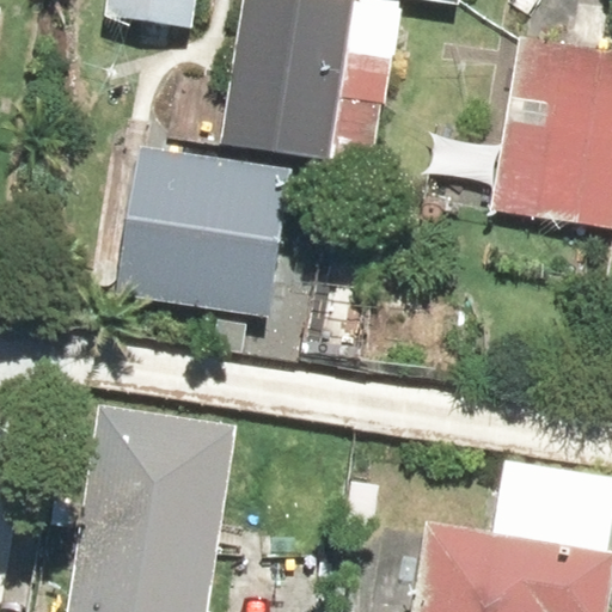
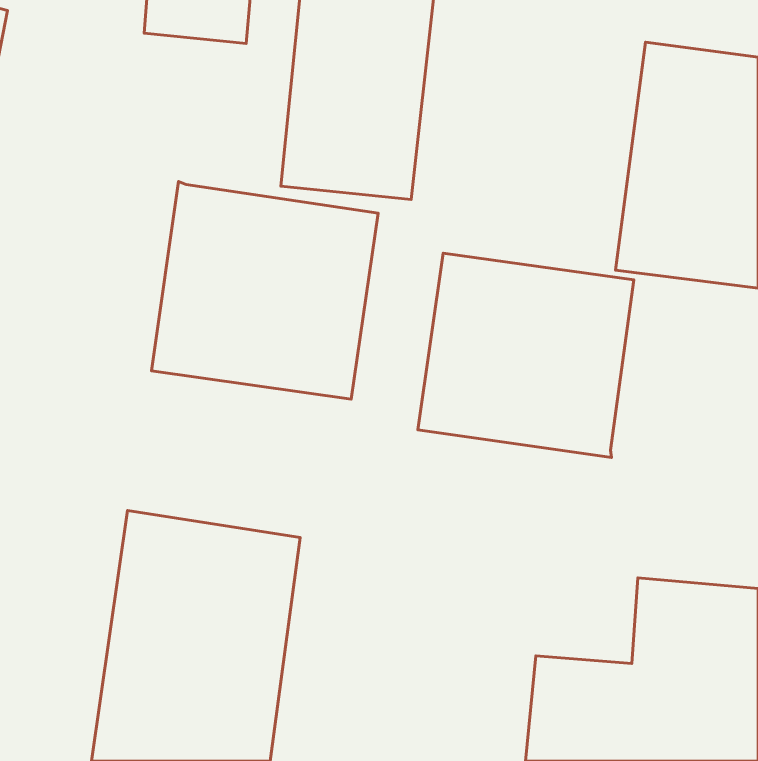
building: none -> [418,253,634,457]

